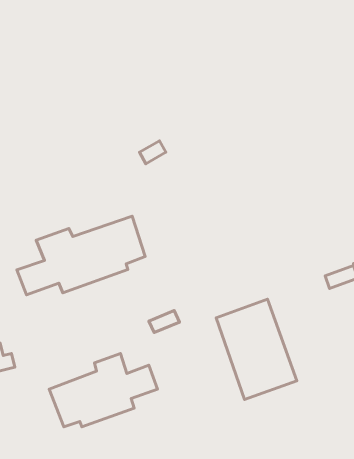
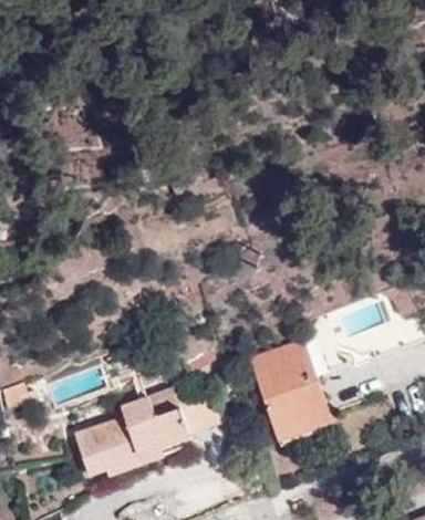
building: [17,216,145,295] -> none

